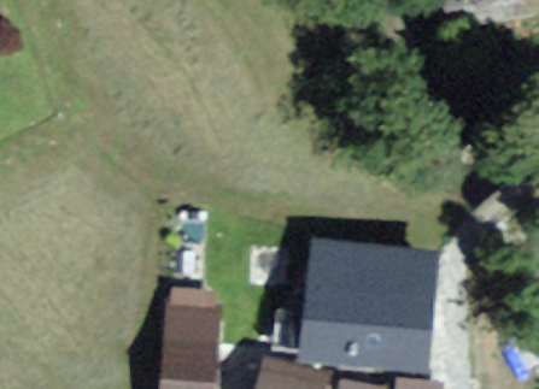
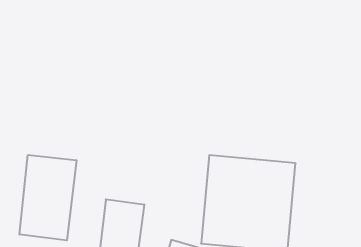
building: none -> [20,155,76,240]

